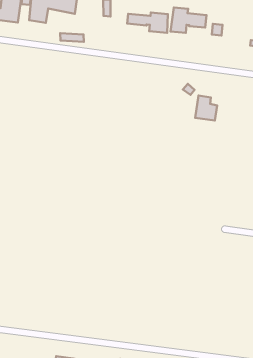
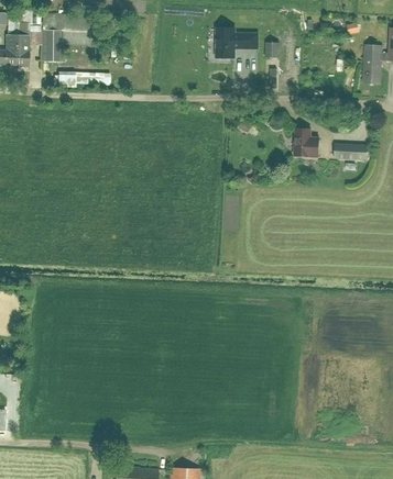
building: [127,12,168,33] -> none
building: [195,95,217,121] -> [293,129,318,157]

